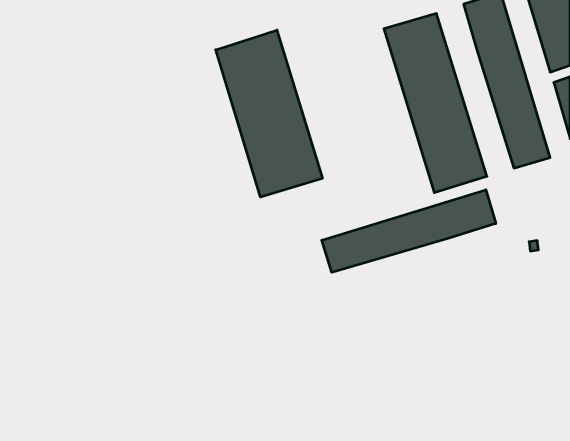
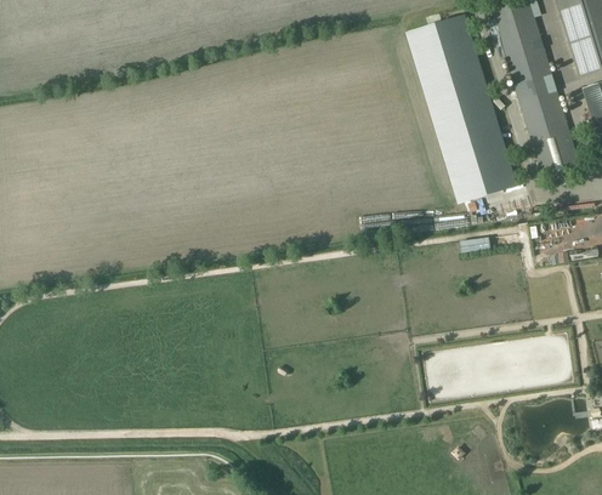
building: [216,30,322,197] -> none
building: [322,190,496,272] -> none

